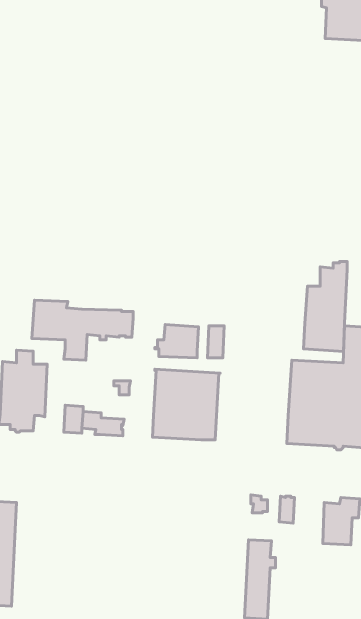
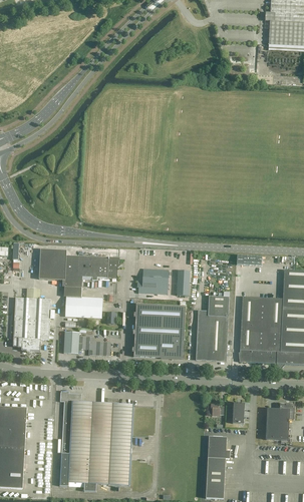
building: [304,262,347,351] -> [195,291,229,361]
building: none -> [64,296,101,318]
building: none -> [59,392,132,491]

